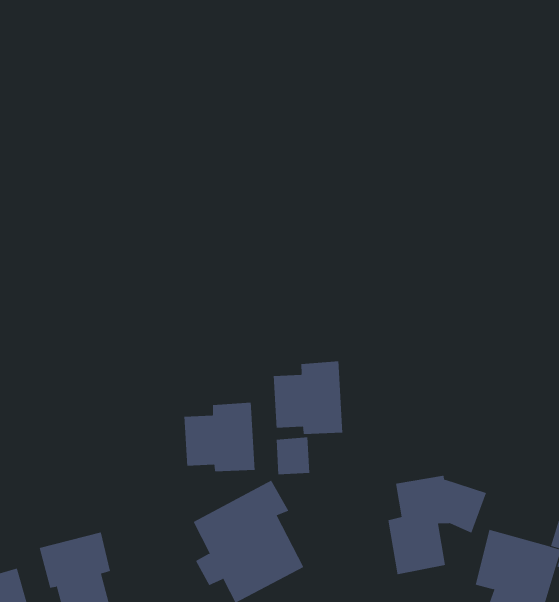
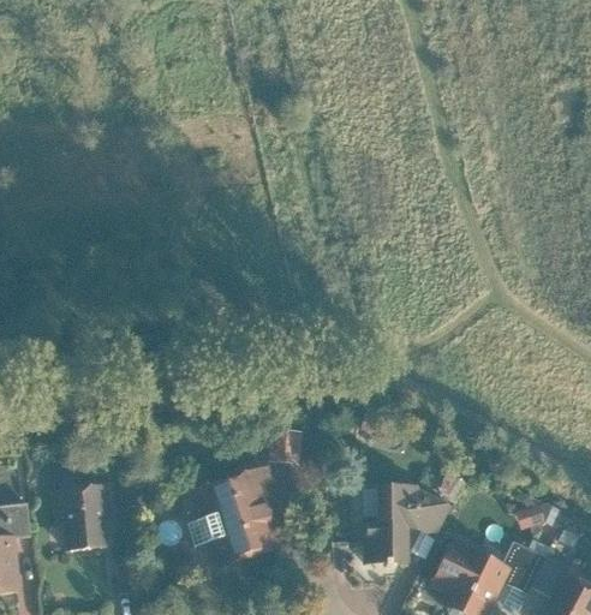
building: [273,360,343,435] -> none
building: [184,402,255,472] -> none

